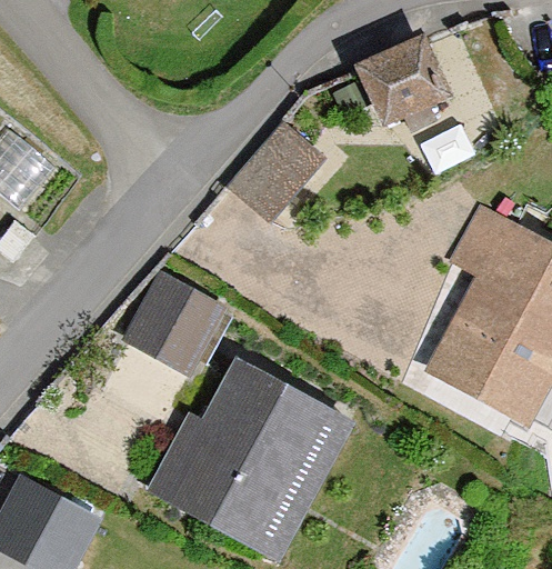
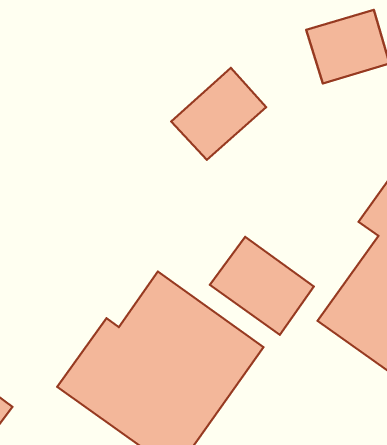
building: [122,270,228,376] -> none
building: none -> [210,237,314,335]

